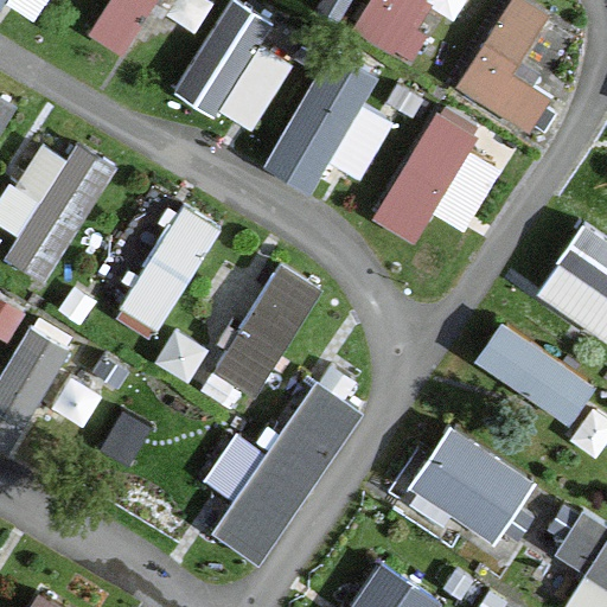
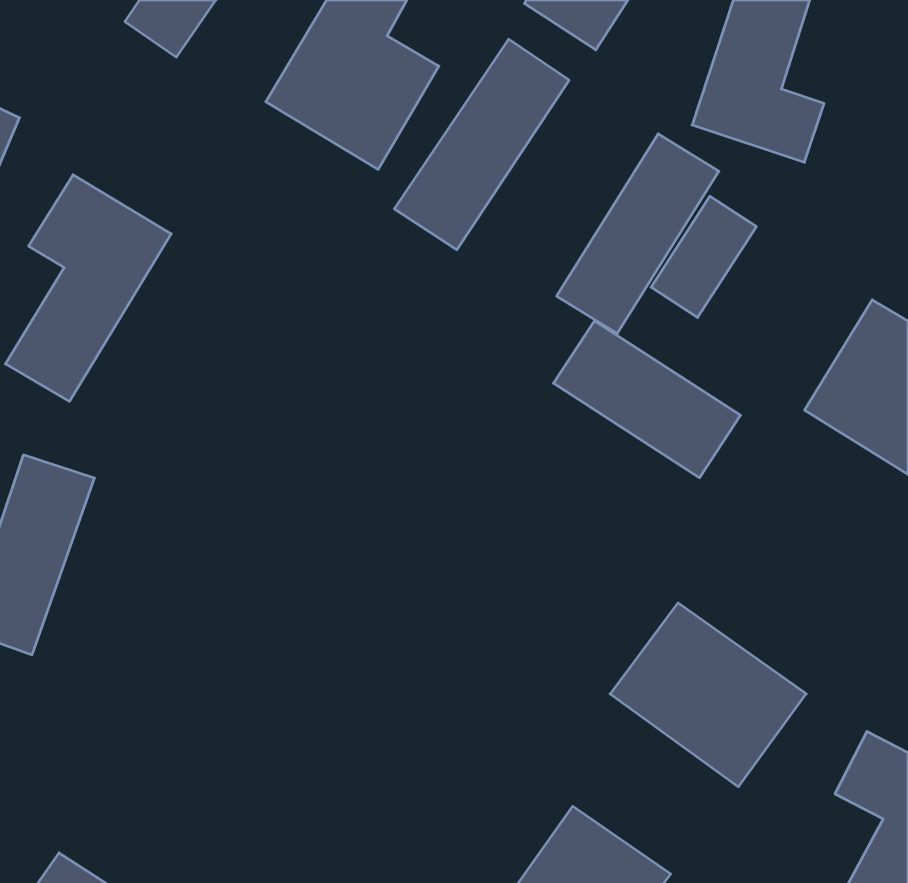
building: [108,206,226,344] -> none
building: [210,257,326,394] -> none
building: [474,318,599,422] -> [553,321,741,478]
building: [213,369,362,566] -> none

